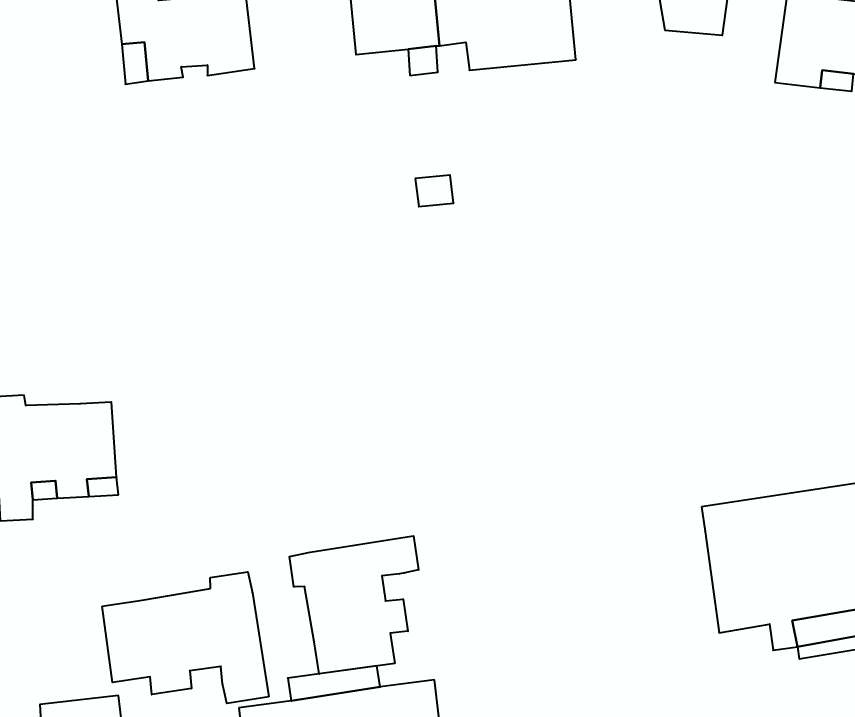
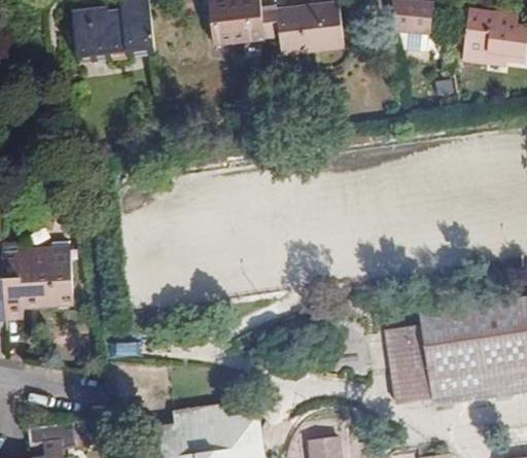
building: none -> [384,325,461,404]
building: [289,536,419,674] -> none
building: [102,572,269,703] -> none

